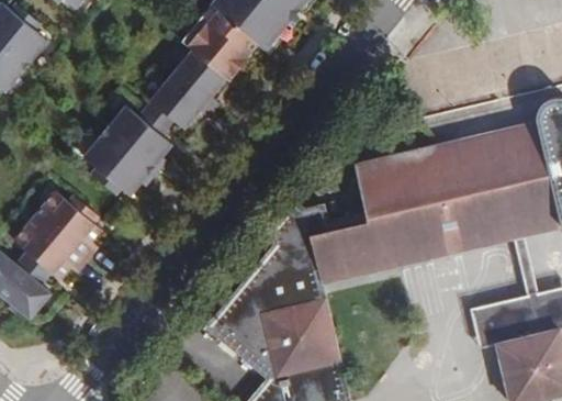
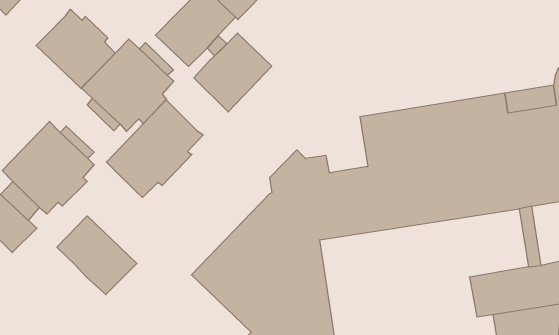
building: none -> [36,9,115,88]
building: none -> [194,33,272,112]
building: none -> [106,100,203,198]
building: none -> [57,216,137,295]

